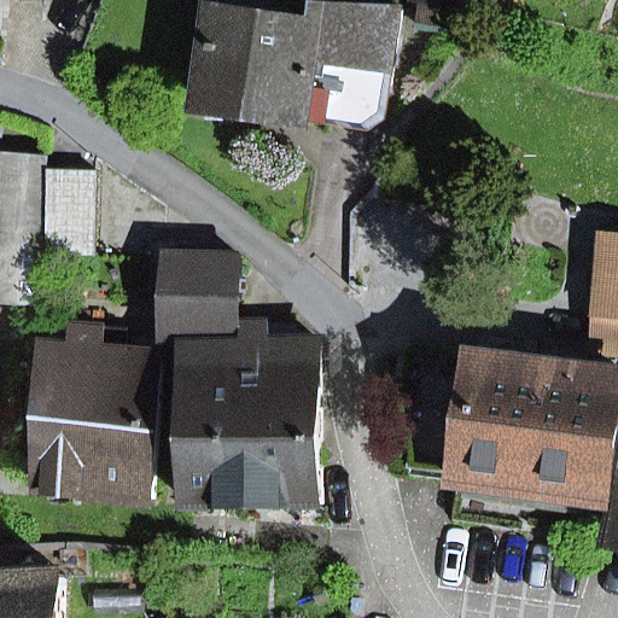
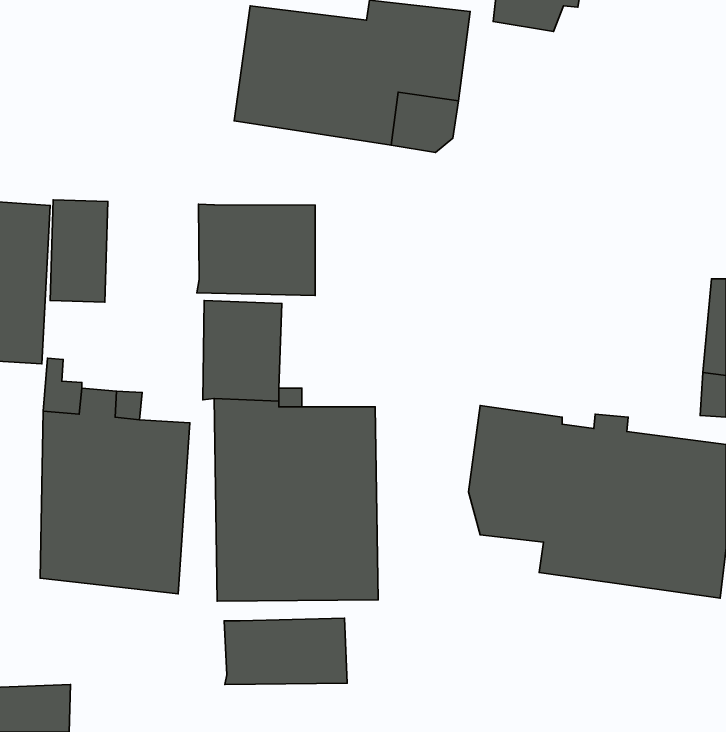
building: none -> [197,204,315,296]
building: none -> [224,618,347,685]

